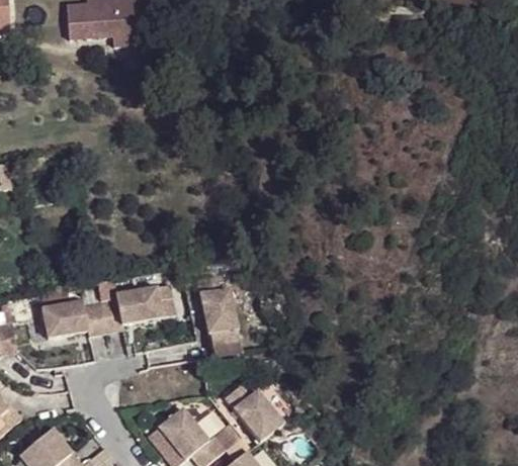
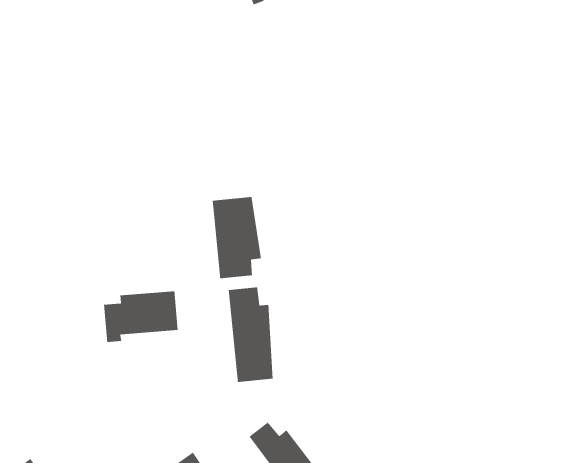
building: none -> [212,196,262,279]
building: [30,300,105,341] -> none

